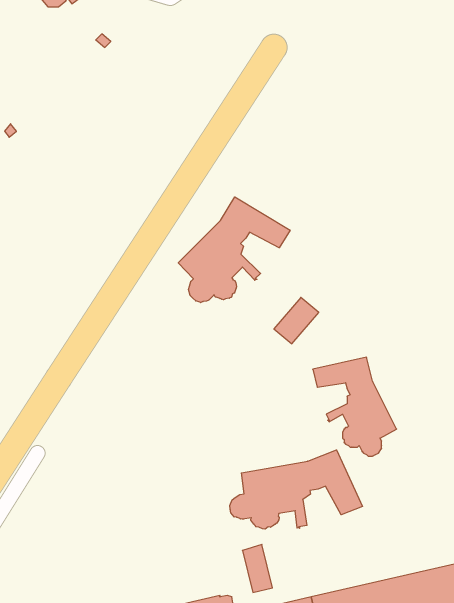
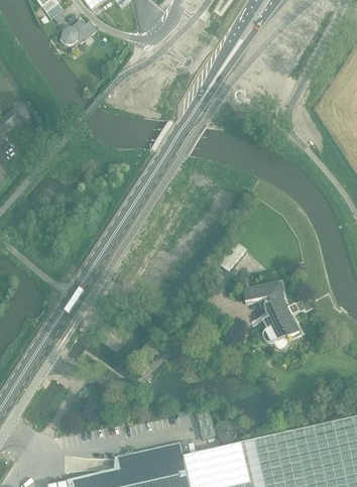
building: [178,197,290,303] -> none
building: [230,450,363,529] -> none

